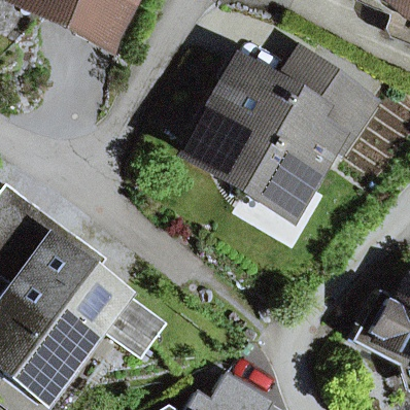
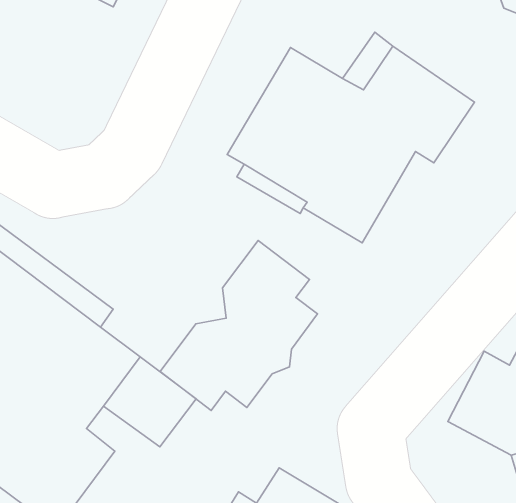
building: none -> [160,240,318,411]

